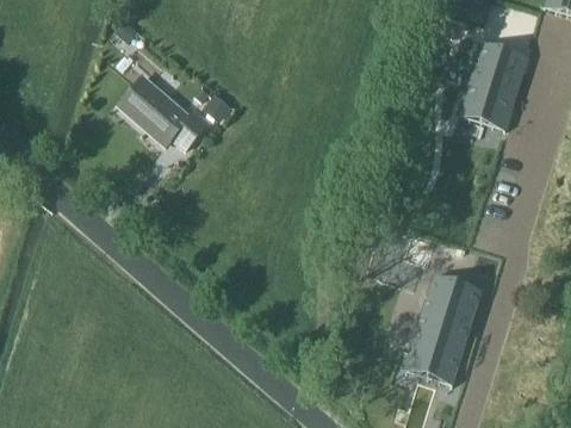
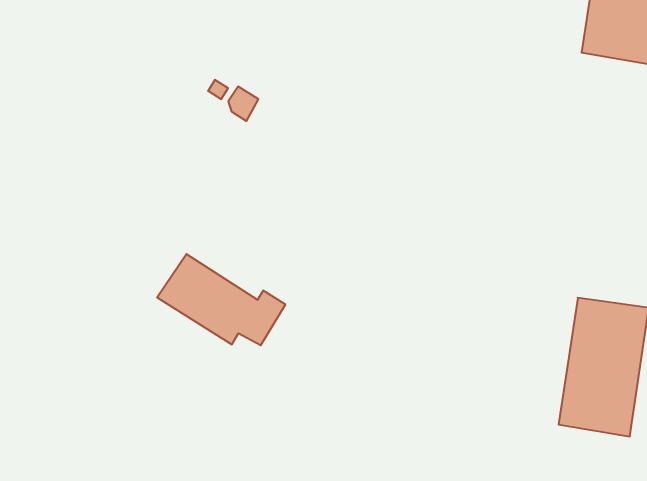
building: [118,79,207,150] -> [157,254,285,345]

